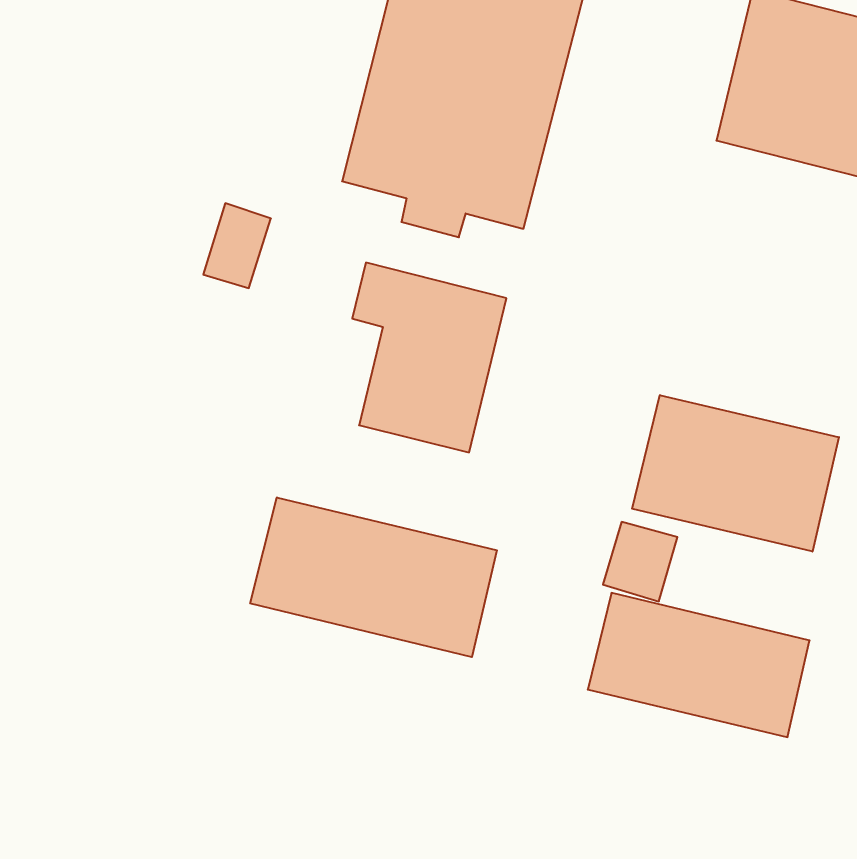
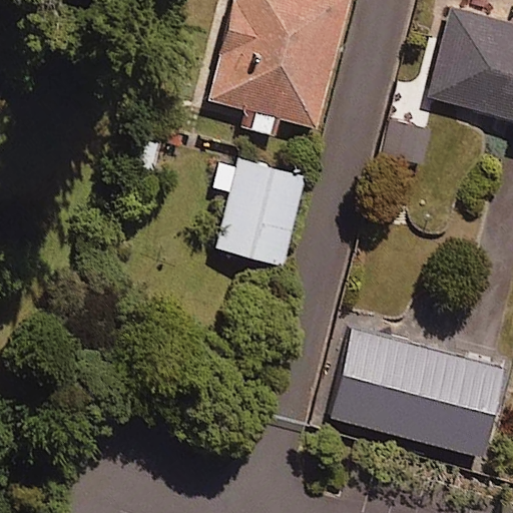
building: [632,395,839,552] -> none
building: [250,497,497,657] -> none

